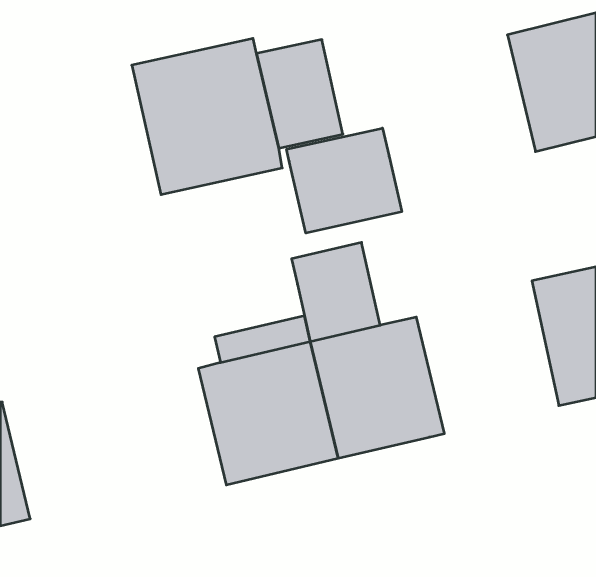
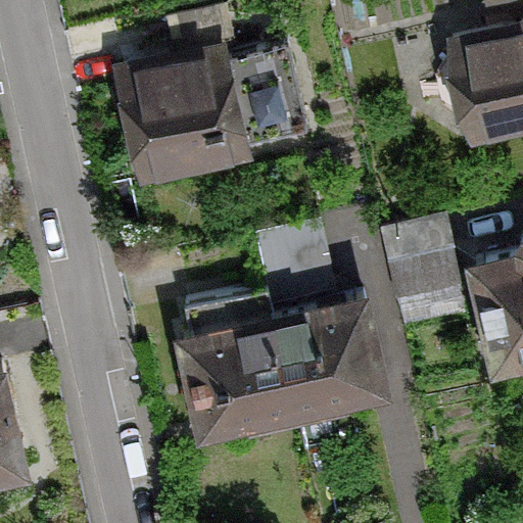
building: [287,128,402,233] -> none
building: none -> [381,222,466,333]

